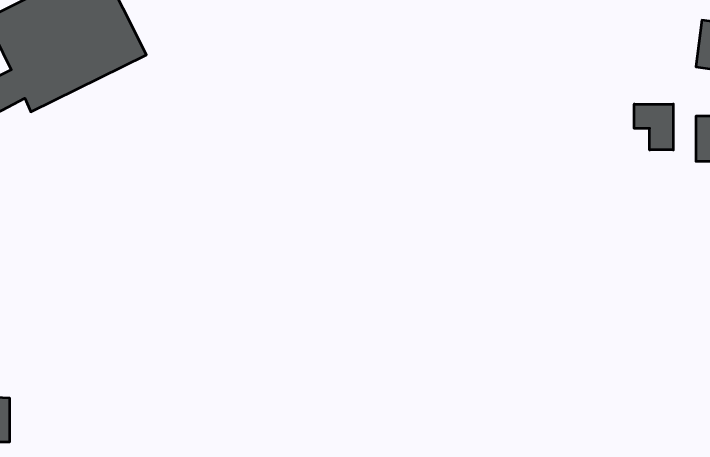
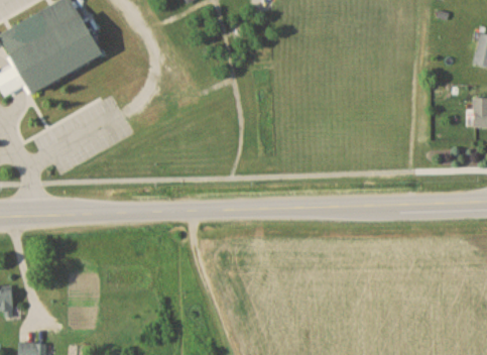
building: [634,104,673,150] -> none

